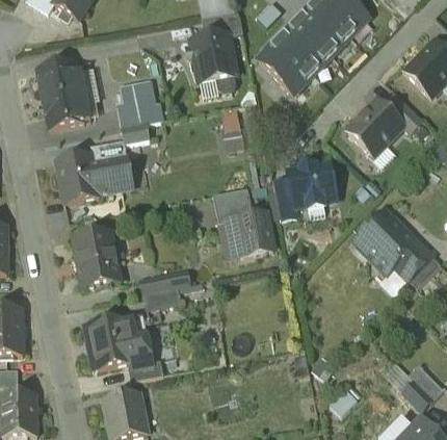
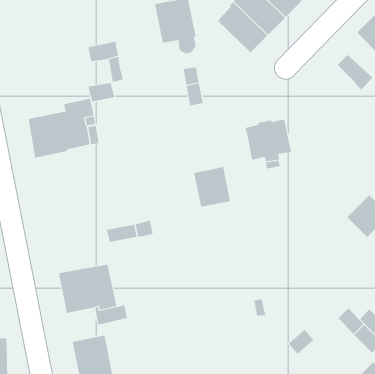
building: [38,62,89,130] -> none
building: [116,98,147,127] -> none
building: [348,98,403,154] -> none
building: [273,178,297,217] -> none
building: [213,187,253,223] -> none
building: [356,210,418,271] -> none
building: [72,232,121,287] -> none
building: [143,286,181,309] -> none

